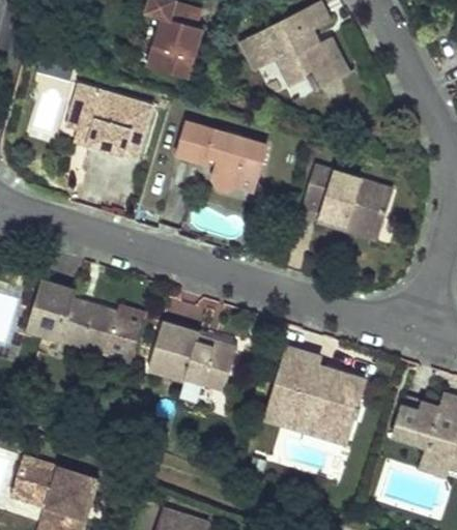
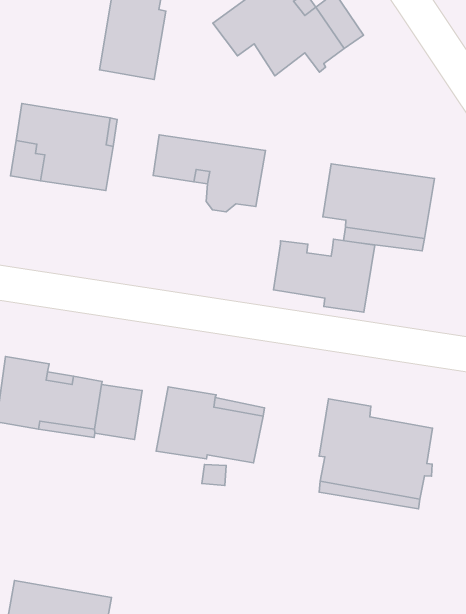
building: none -> [273,239,375,312]

